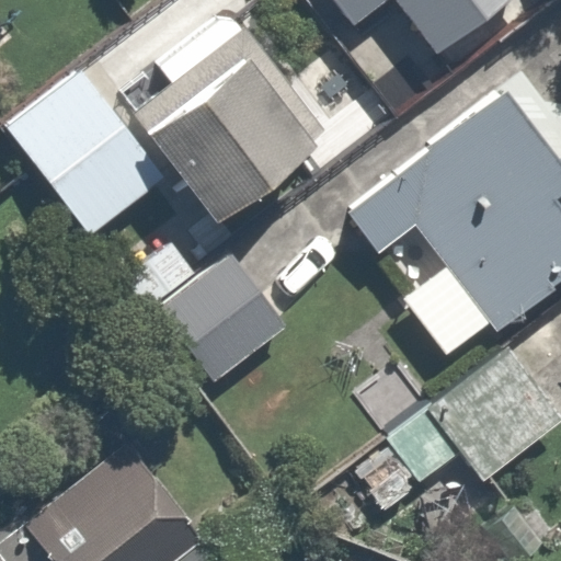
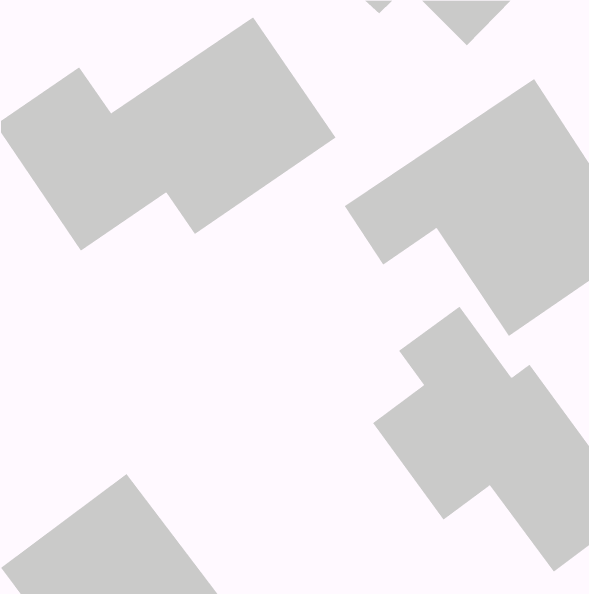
building: [124,241,288,382] -> none

